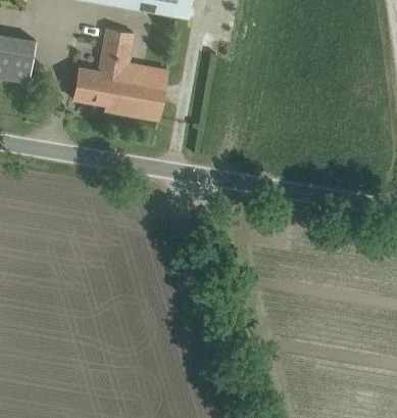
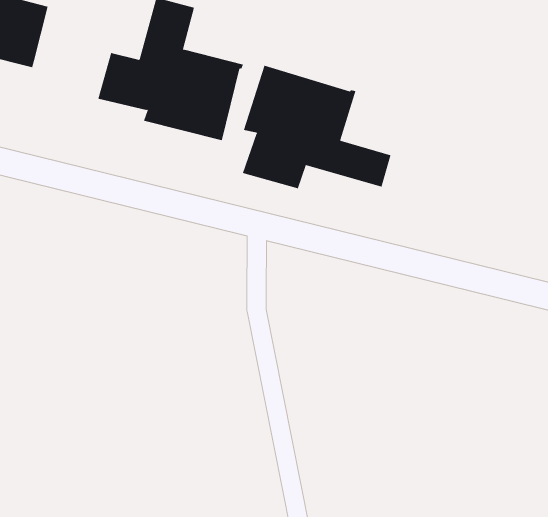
building: none -> [242,65,391,189]

